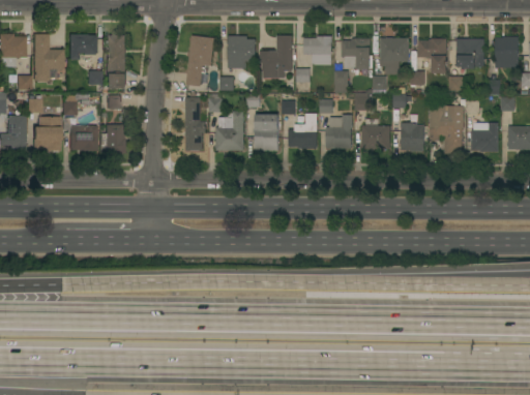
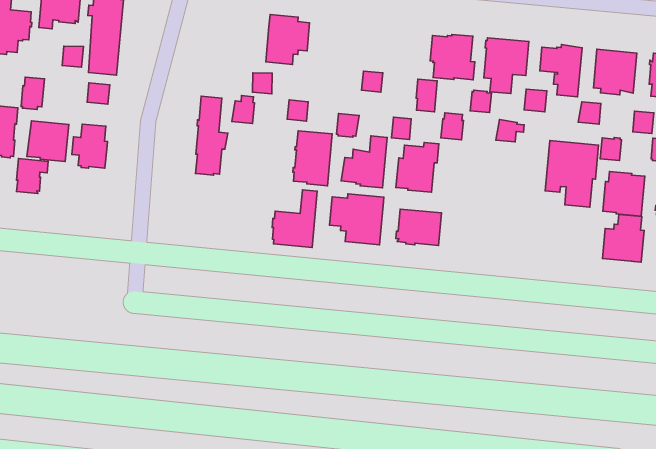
building: [186,35,214,86] -> none
building: [260,35,293,79] -> none
building: [303,36,332,65] -> none
building: [214,112,243,151] -> [272,190,317,247]
building: [401,115,424,152] -> none
building: [360,126,390,150] -> [396,209,442,246]
building: none -> [17,159,48,194]
building: none -> [602,215,644,262]
building: none -> [330,194,384,245]

